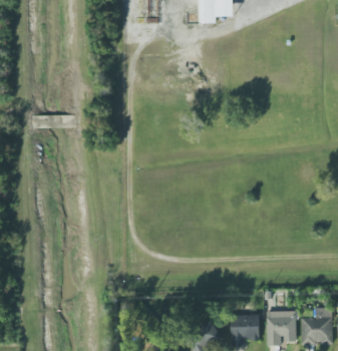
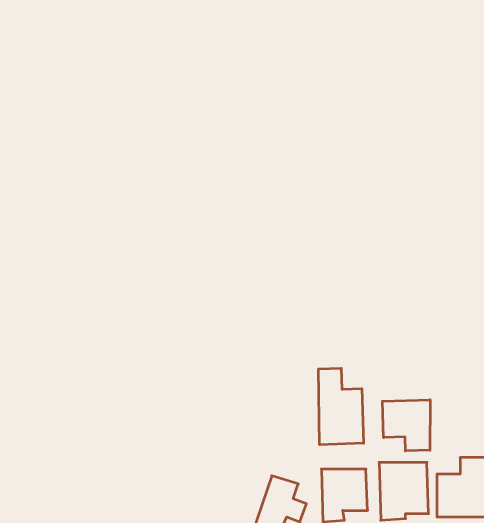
building: none -> [319,368,364,445]
building: none -> [382,400,430,451]

